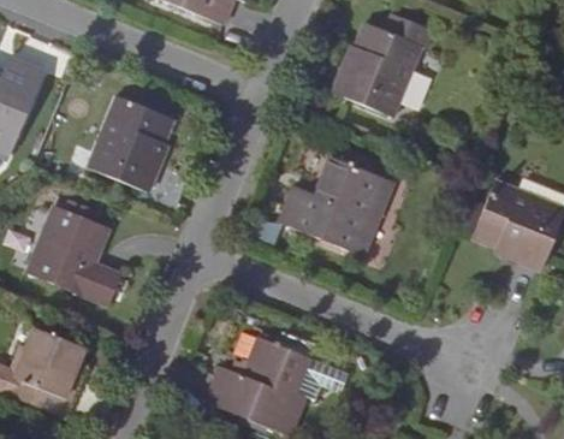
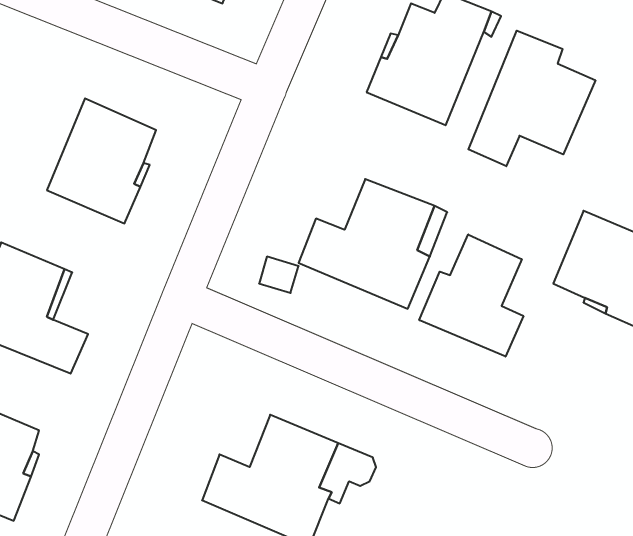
building: none -> [468,31,595,166]
building: none -> [419,234,523,357]

